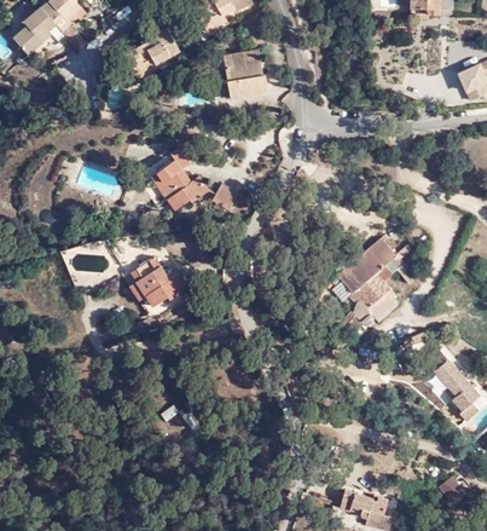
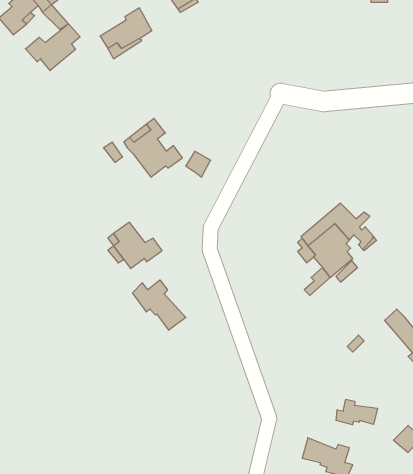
building: none -> [25,24,80,71]
building: [226,48,266,98] -> none
building: none -> [133,280,186,330]
building: none -> [336,399,377,425]

